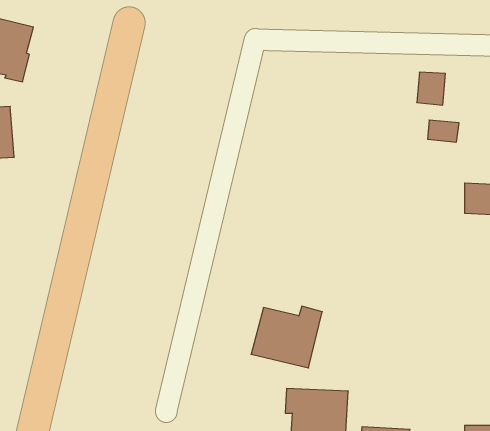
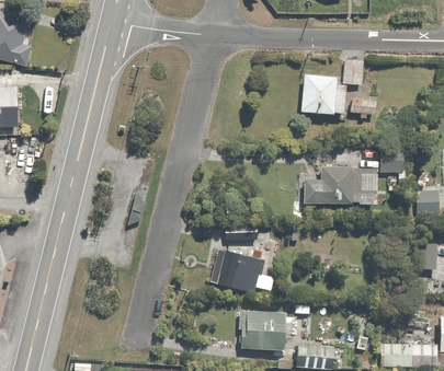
building: none -> [299,73,346,117]
building: none -> [304,166,377,205]

